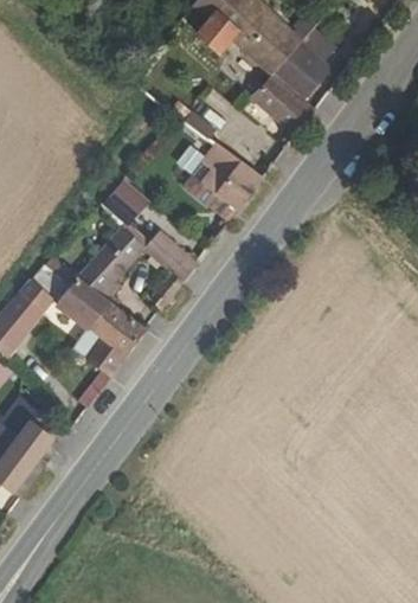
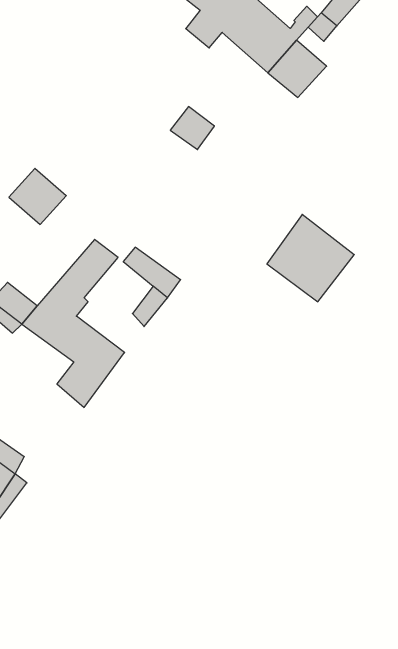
building: [251,73,317,134] -> none
building: [185,141,264,220] -> [267,214,354,302]
building: [99,180,152,231] -> [9,168,66,224]

